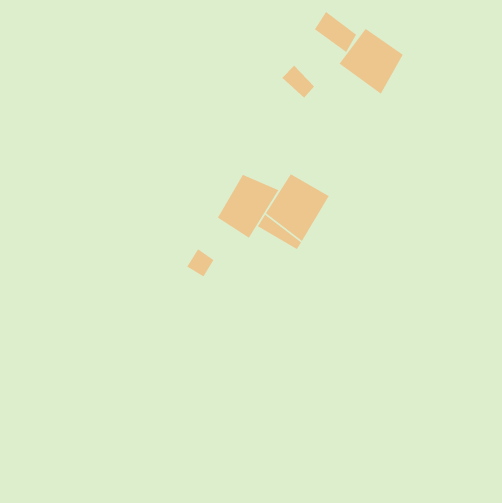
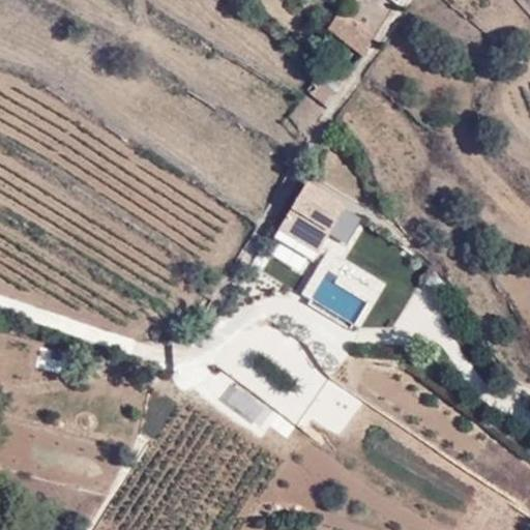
building: [338,28,404,95] -> none
building: [217,174,279,239] -> none

